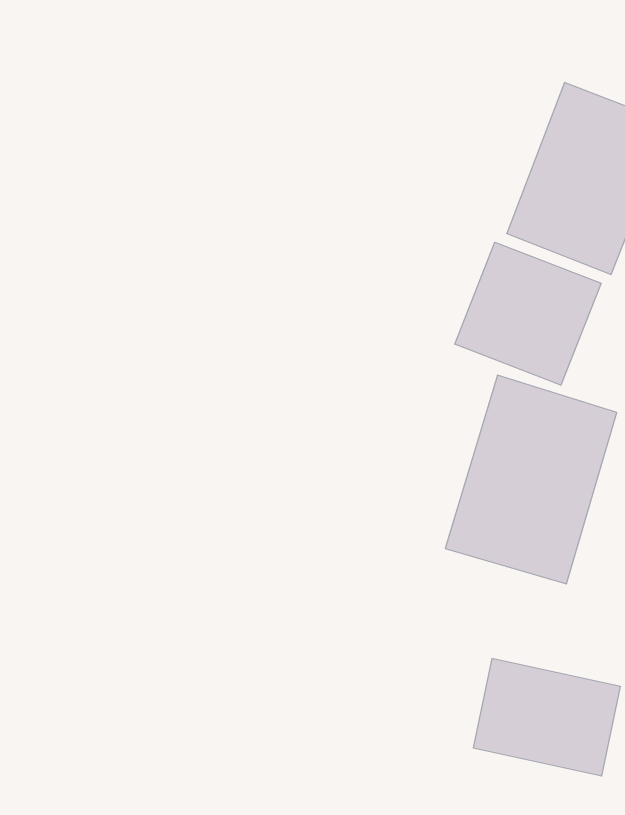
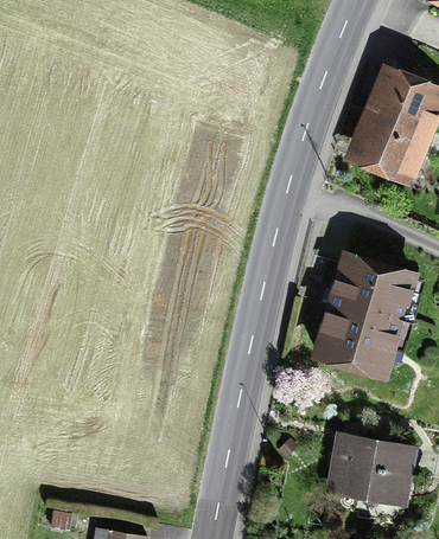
building: [455,242,601,385] -> none

